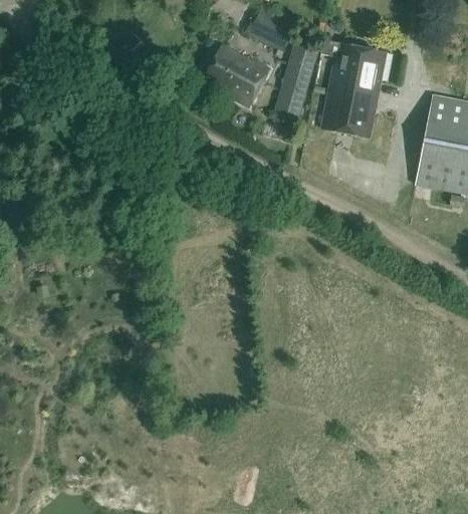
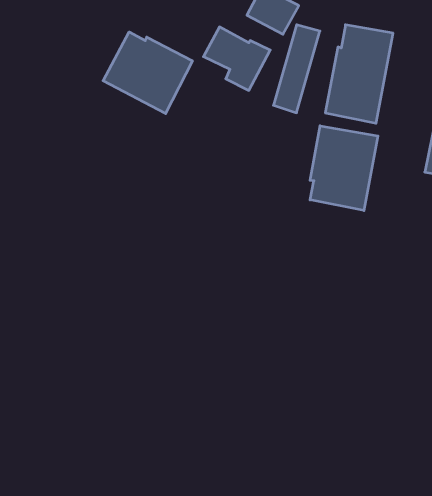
building: none -> [103,32,192,114]
building: none -> [310,126,378,211]

